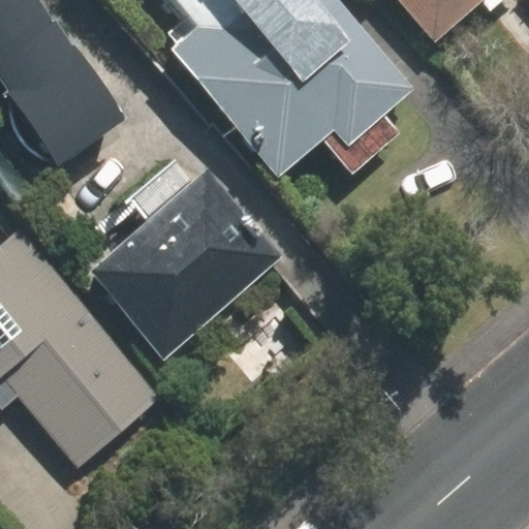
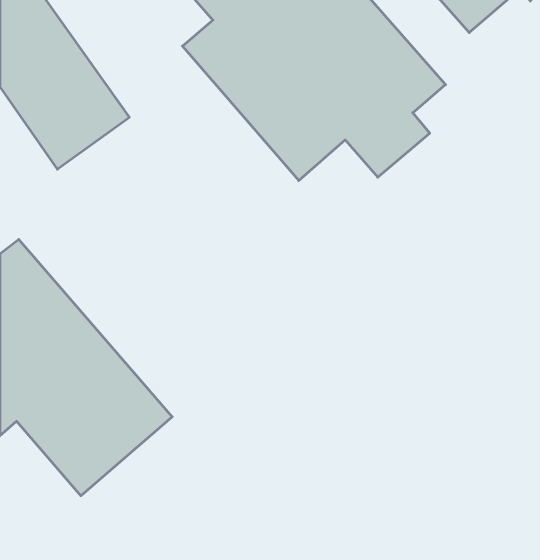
building: [82,159,276,362] -> none

